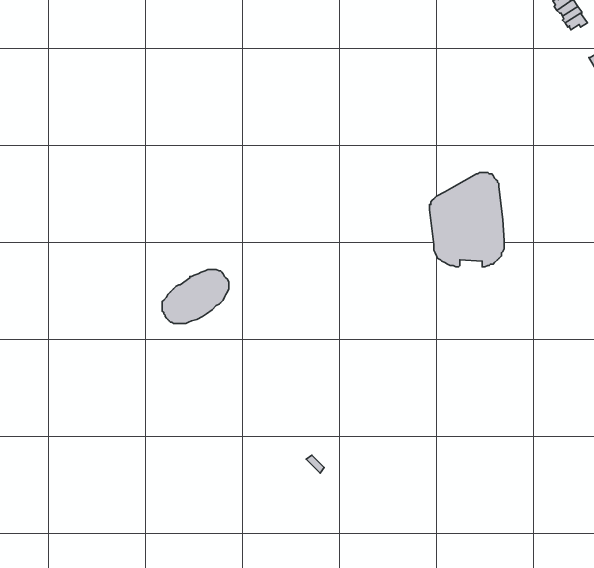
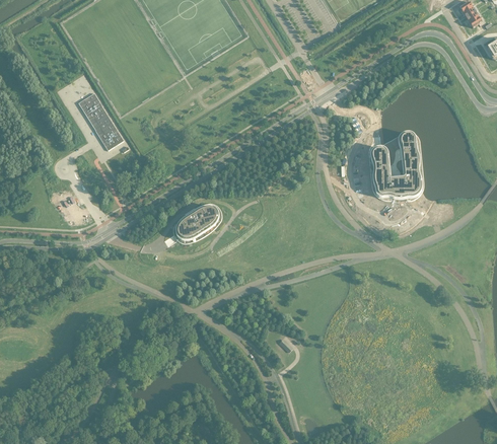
building: none -> [76,92,122,150]

